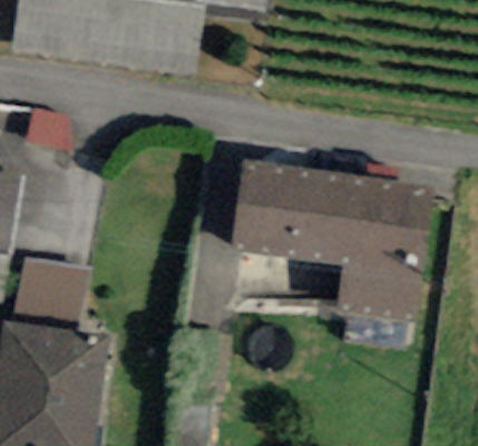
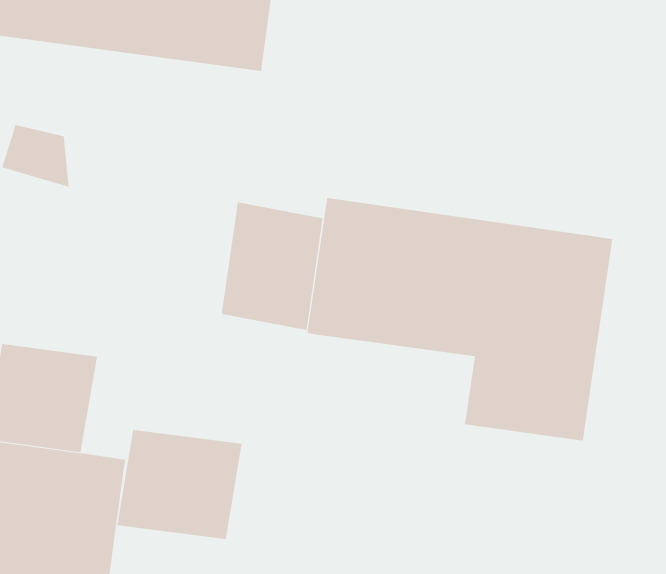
building: none -> [221,201,323,331]
building: none -> [117,429,242,540]

